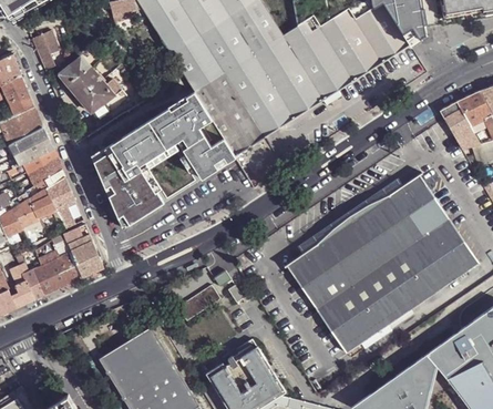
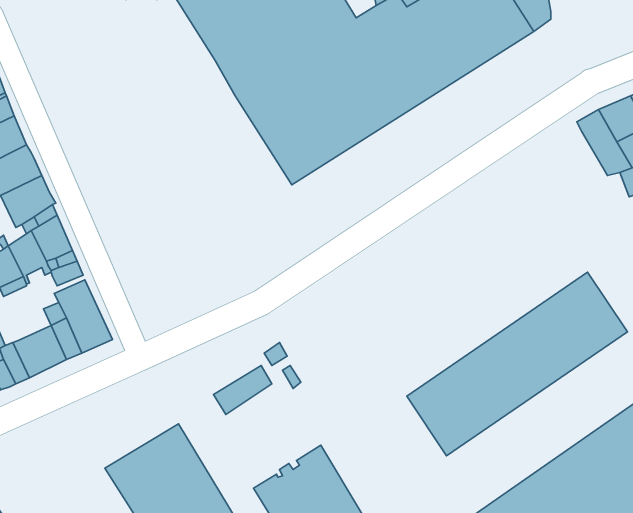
building: [32,30,59,74] -> none
building: [59,55,129,121] -> none
building: [92,91,235,228] -> none
building: [289,175,449,308] -> none

